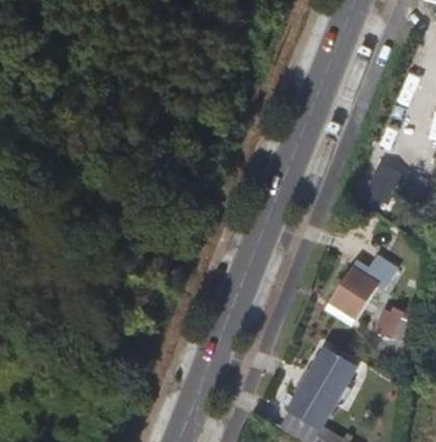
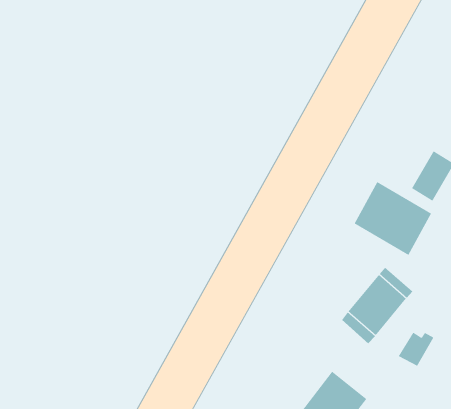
building: none -> [354,181,432,256]

